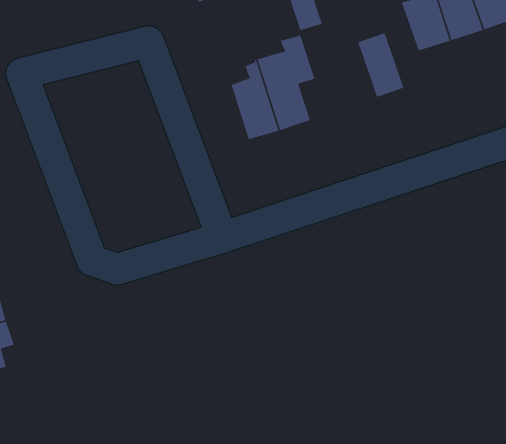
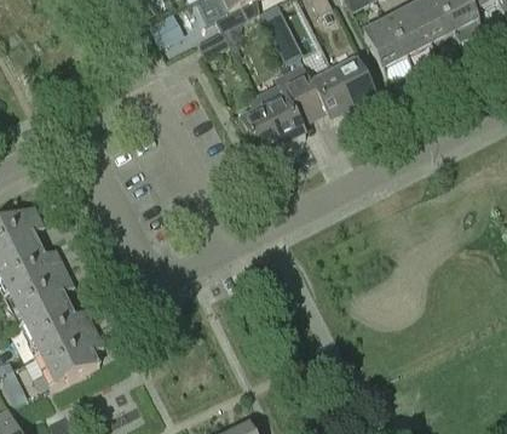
building: none -> [288,61,355,120]

